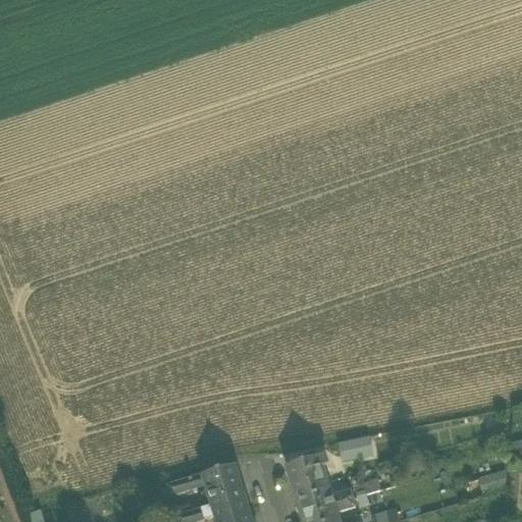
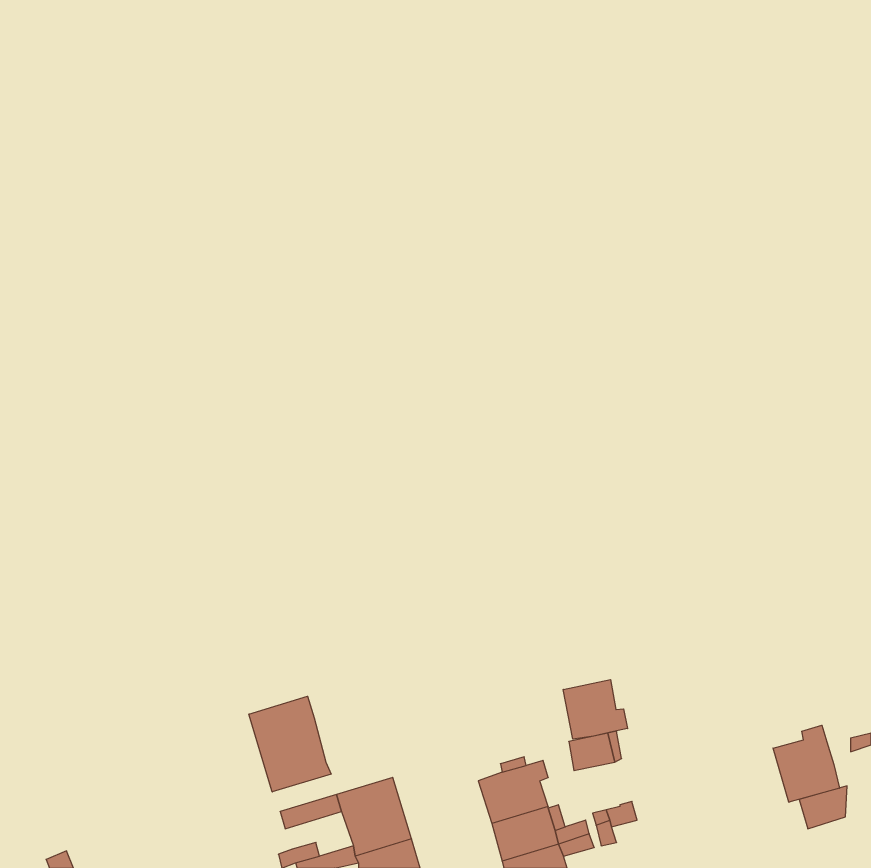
building: none -> [563,680,628,739]
building: none -> [249,696,331,792]
building: none -> [773,725,839,802]

